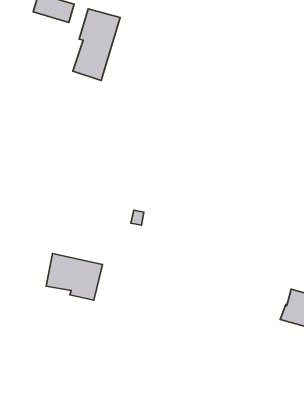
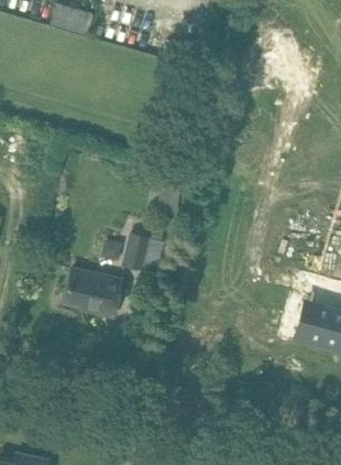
building: [73,9,120,81] -> none
building: none -> [121,233,144,269]

